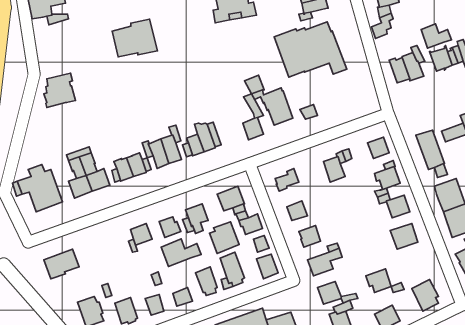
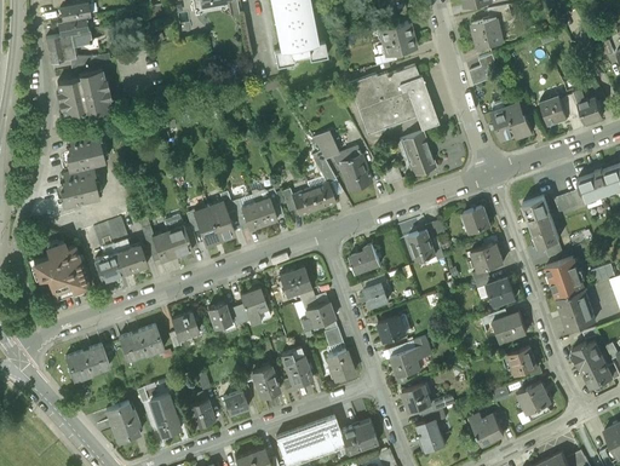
building: [112,19,157,57] -> [56,68,111,114]
building: [421,24,452,48] -> none
building: none -> [398,131,436,176]
building: none -> [61,163,98,206]
building: none -> [282,188,317,215]
building: [209,222,239,254] -> none
building: none -> [120,326,162,359]
building: [161,239,201,267] -> none
building: [366,269,391,292] -> [505,345,536,374]

